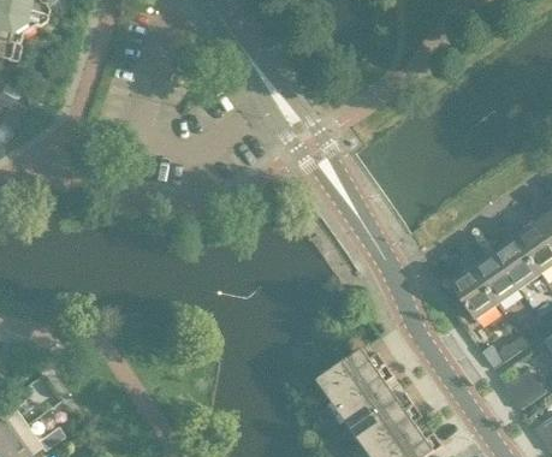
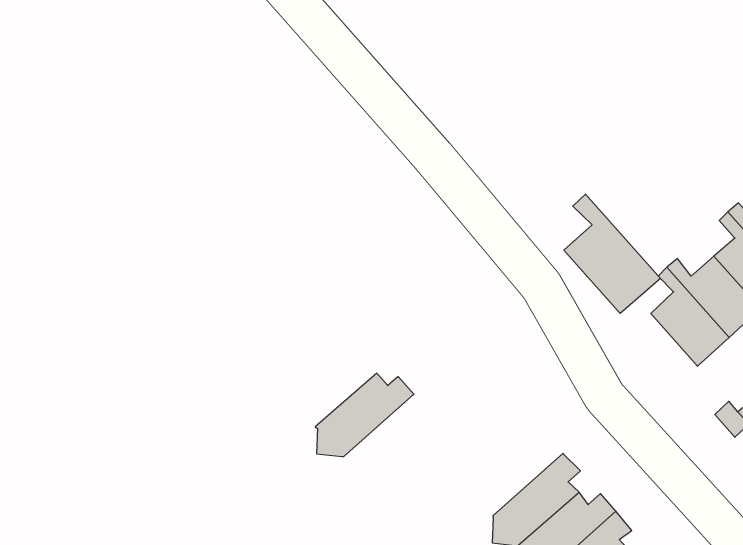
building: none -> [564,194,660,313]
building: [316,352,381,402] -> [315,373,414,457]

